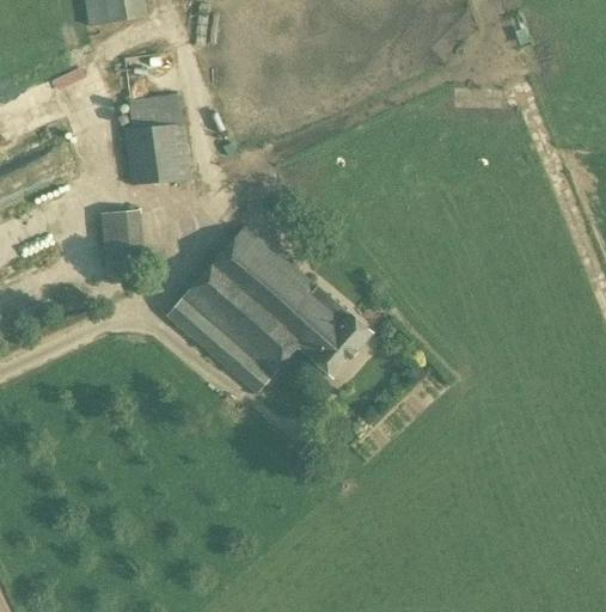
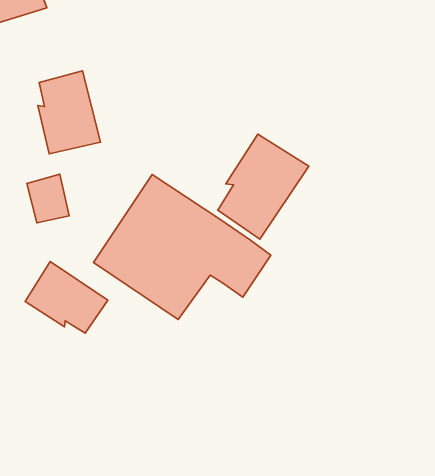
building: none -> [218,134,309,239]
building: none -> [25,261,108,333]

